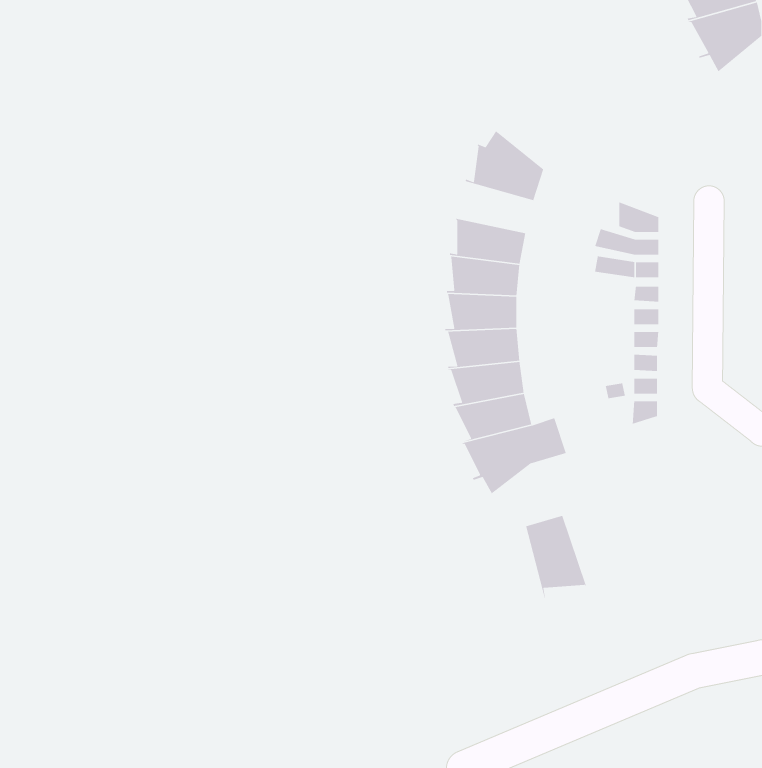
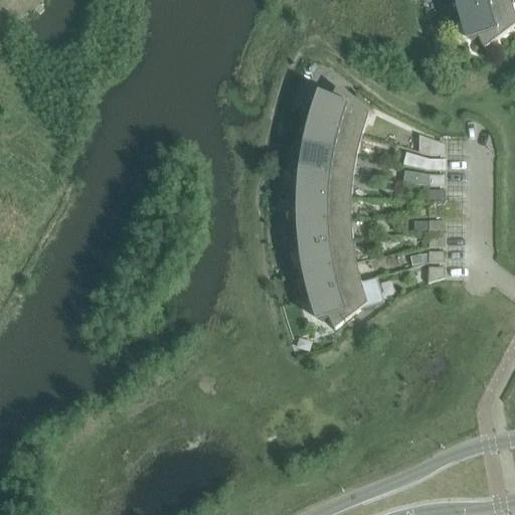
building: none -> [303,121,355,155]
building: [525,515,587,599] -> none

